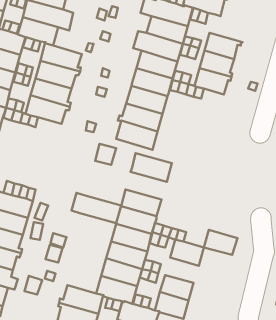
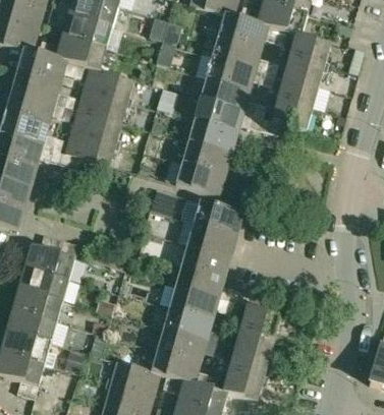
building: none -> [288,33,330,66]
building: [72,193,121,223] -> [176,220,236,256]
building: [204,230,237,255] -> [234,327,275,357]

